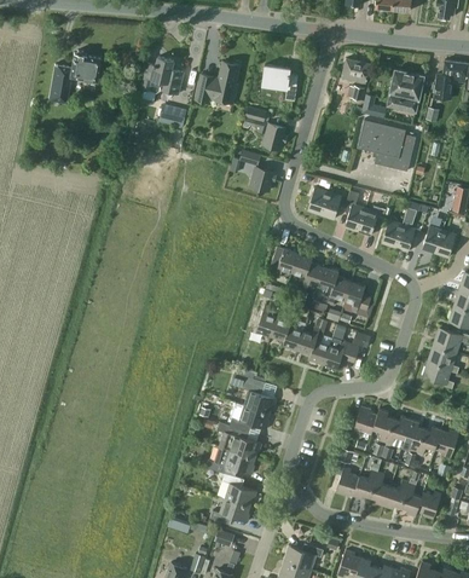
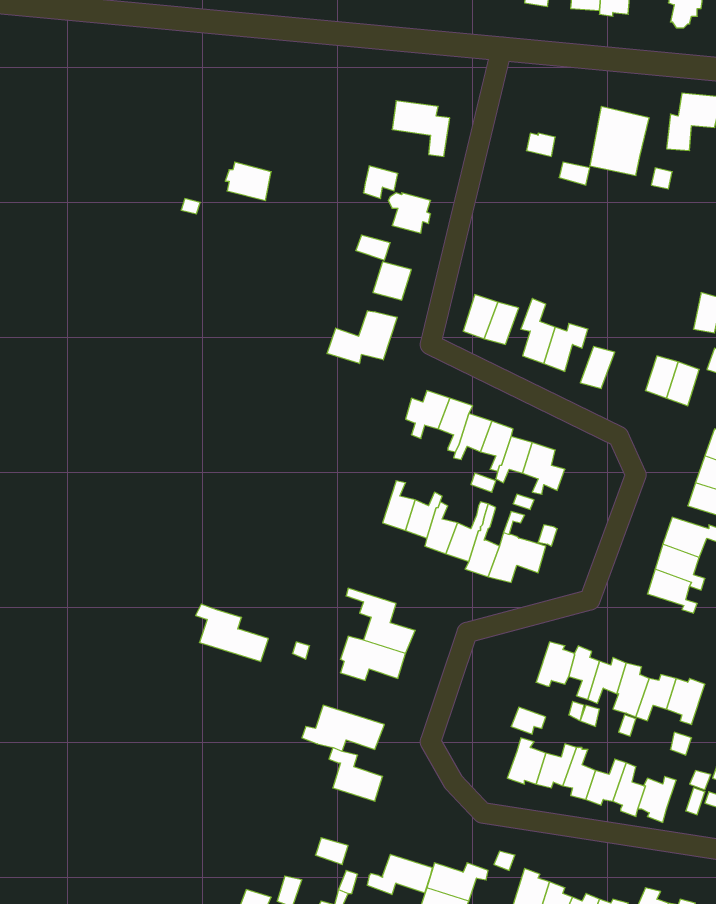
building: [48,51,103,103] -> none
building: [140,57,184,94] -> none
building: [341,58,370,83] -> none
building: [195,62,239,104] -> none
building: [358,119,416,170] -> none
building: none -> [327,311,397,364]
building: [394,201,428,252] -> none
building: [216,422,262,458] -> [196,604,268,662]
building: [210,498,251,524] -> [367,854,432,895]

